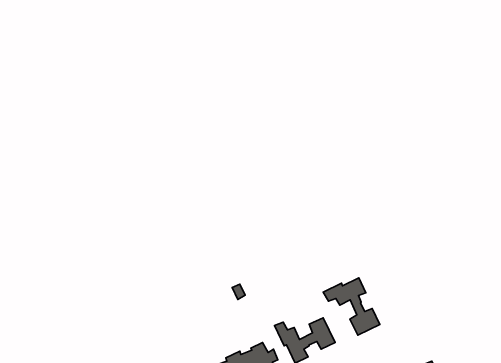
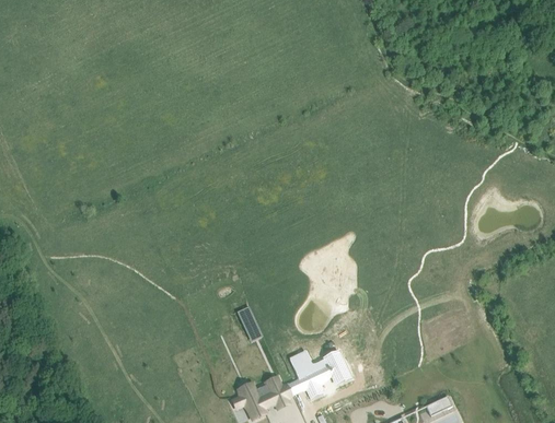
building: [323,278,380,335] -> none

